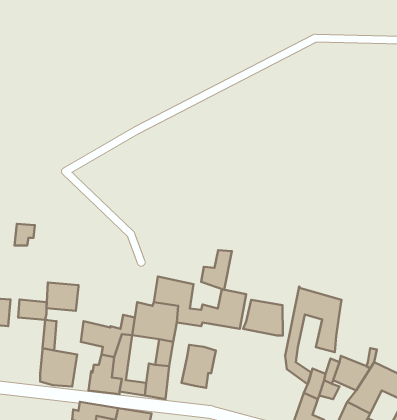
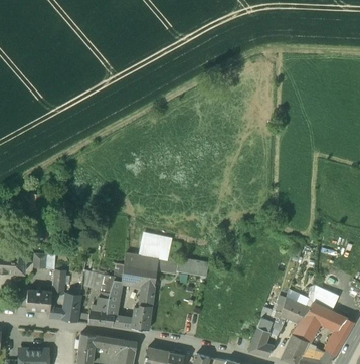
building: [201,250,232,290] -> none
building: [46,283,78,311] -> [27,289,52,311]
building: [285,286,342,384] -> none
building: [243,300,283,336] -> none
building: [182,345,216,388] -> none

